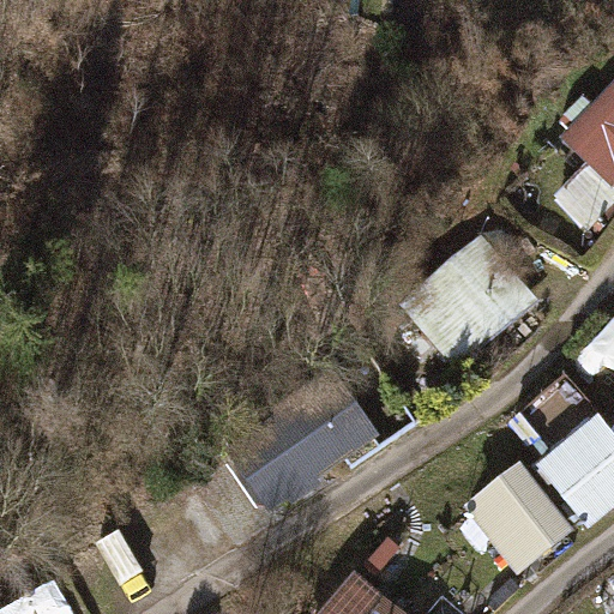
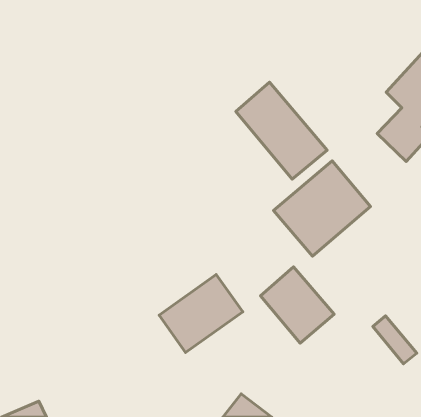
building: none -> [236,82,327,179]
building: [465,463,572,573] -> [260,267,334,343]

